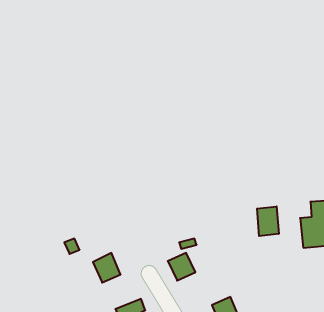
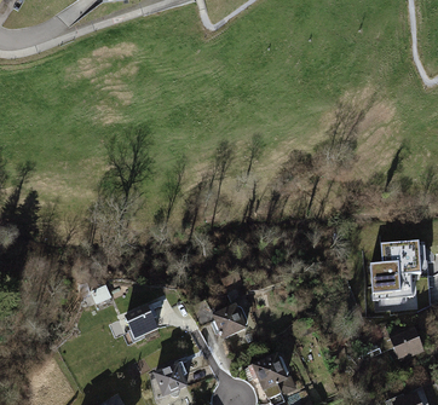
building: [257,206,279,236] -> none

